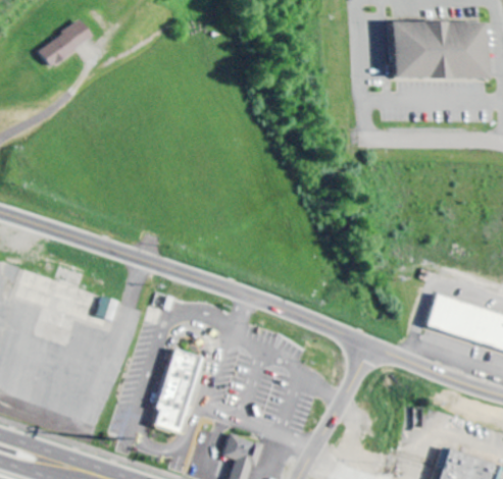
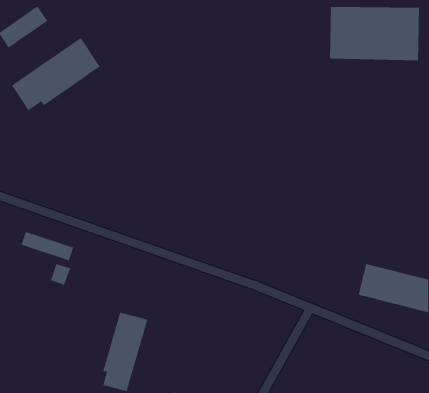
building: none -> [11,37,101,111]
building: none -> [21,231,74,261]

